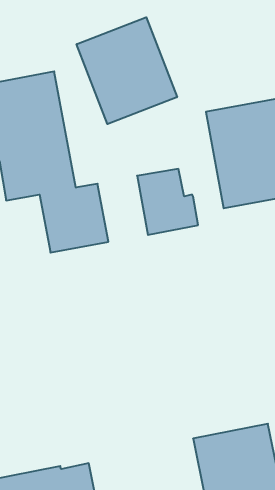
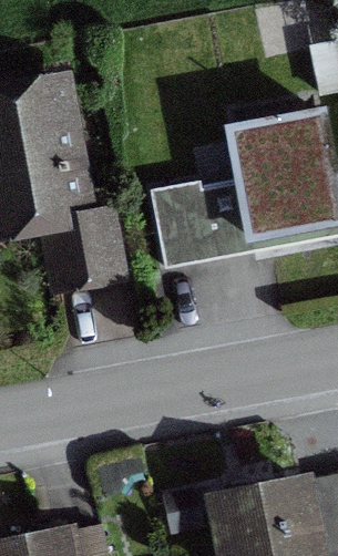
building: [77,17,177,124] -> none

